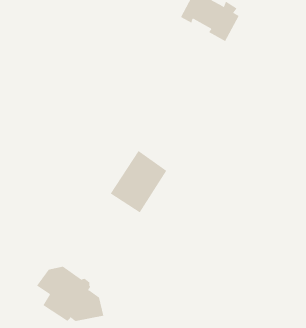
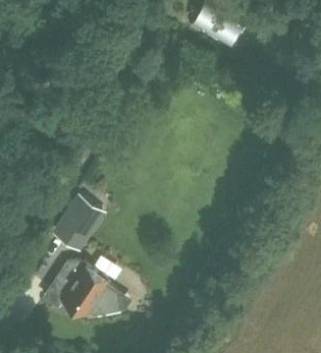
building: [110,150,167,213] -> [50,194,104,253]

